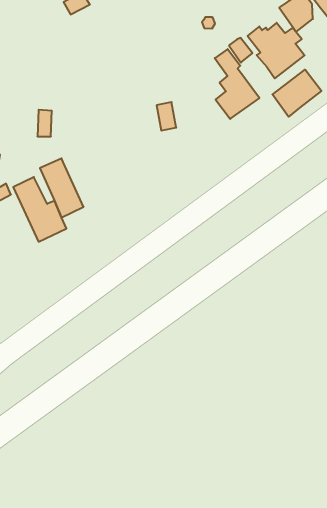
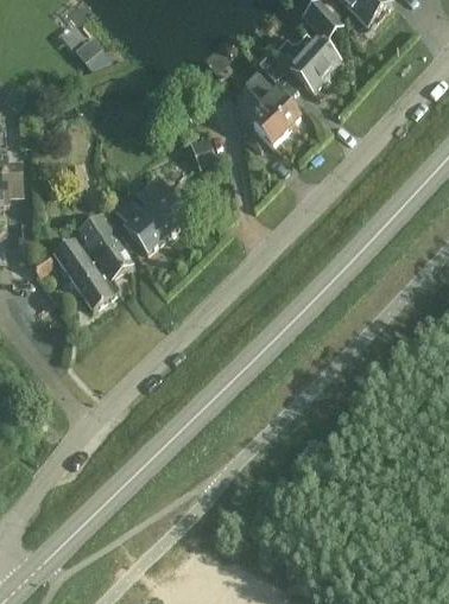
building: [272,70,321,117] -> none
building: none -> [116,176,186,252]

